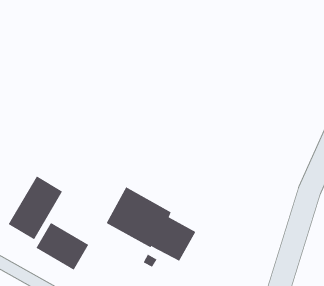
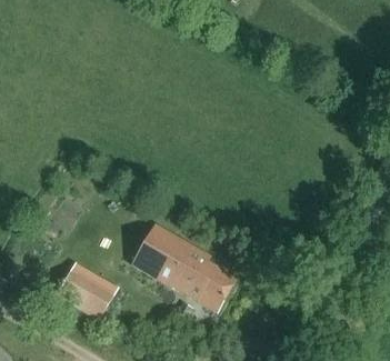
building: [8,176,63,240] -> none

